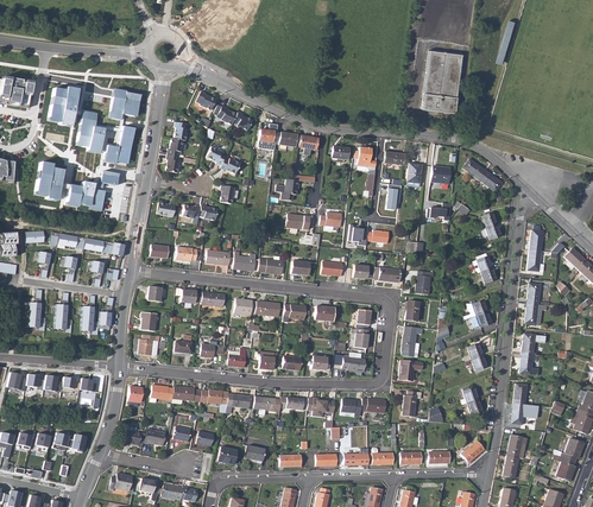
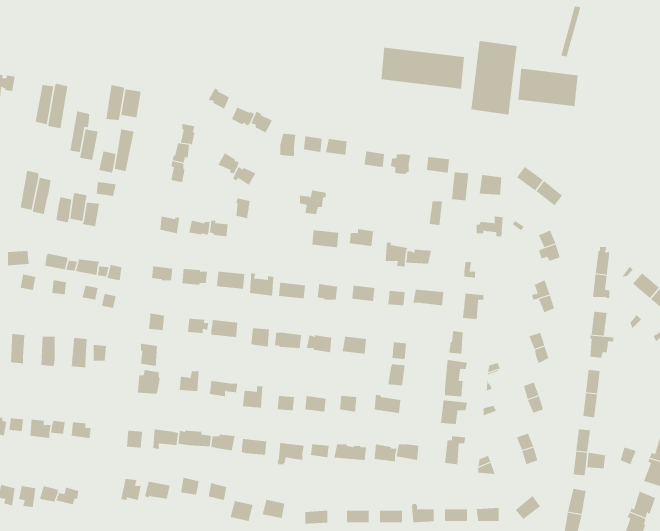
building: none -> [381,47,464,89]
building: none -> [518,68,578,107]

